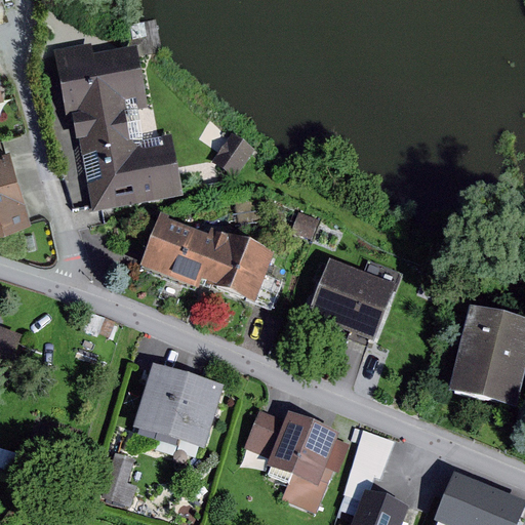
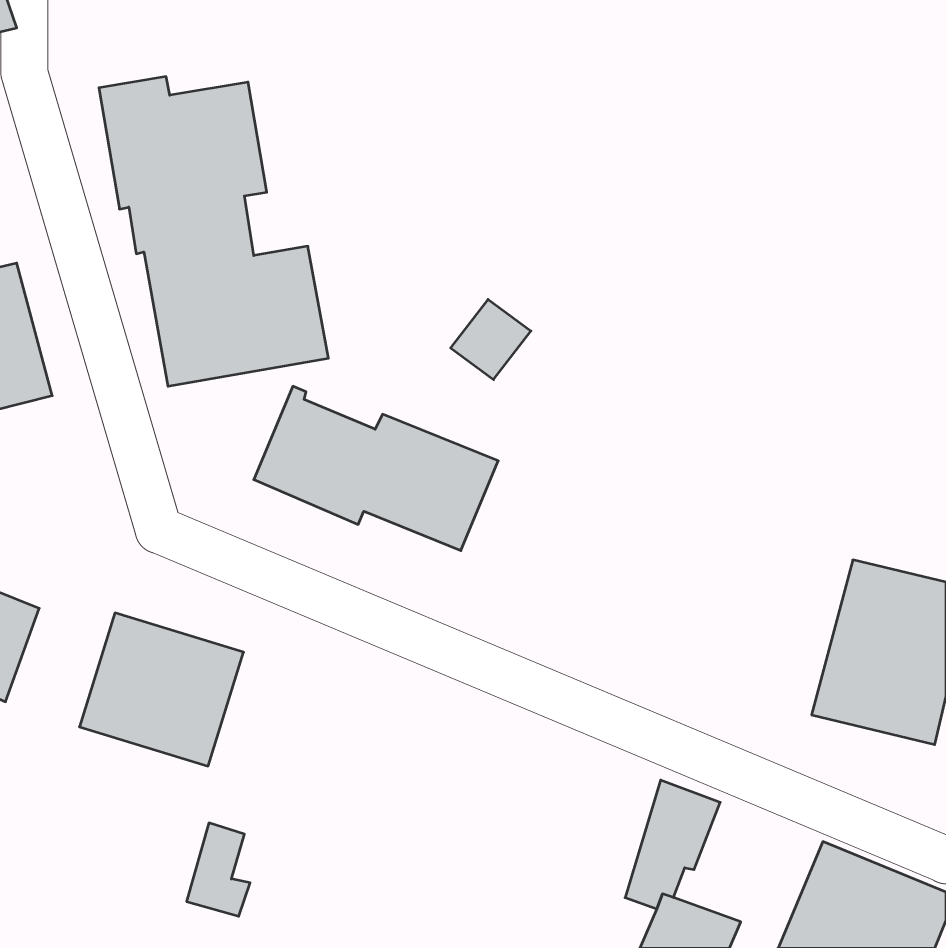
building: [211,132,255,176] -> [451,299,531,380]
building: [308,258,396,341] -> none
building: [132,365,223,449] -> [79,613,244,766]
building: [244,409,351,513] -> none

